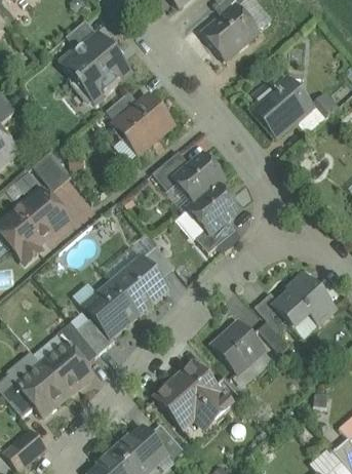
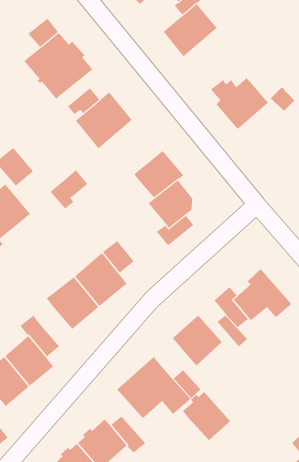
building: [151,150,190,190] -> [50,170,88,209]
building: [76,316,114,353] -> none
building: none -> [182,391,231,441]

